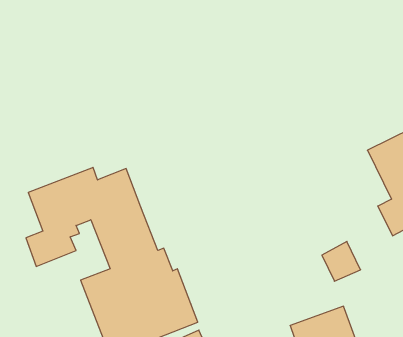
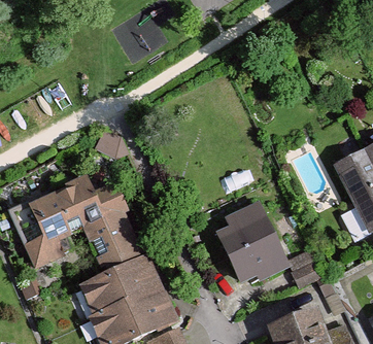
building: none -> [216,201,290,284]

